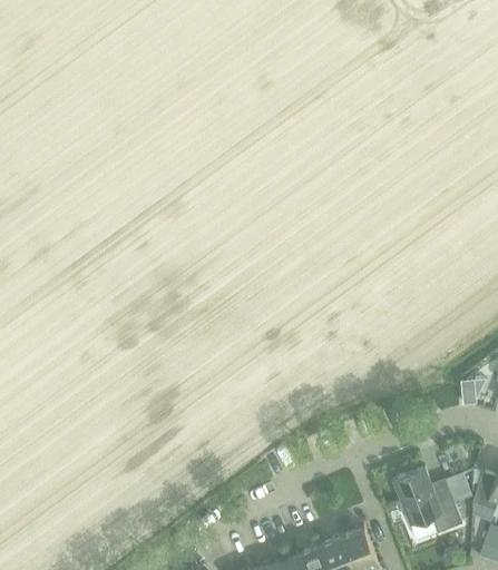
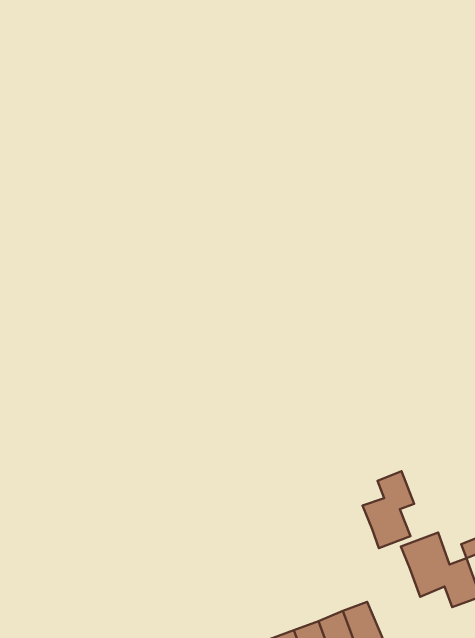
building: none -> [363,471,414,548]

